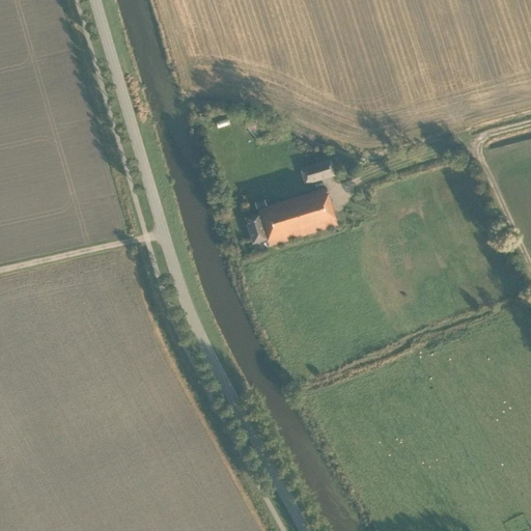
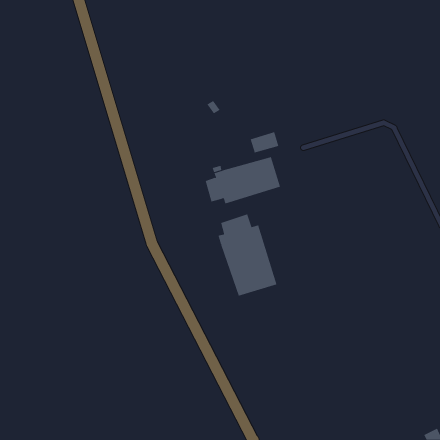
building: none -> [218,213,277,297]

